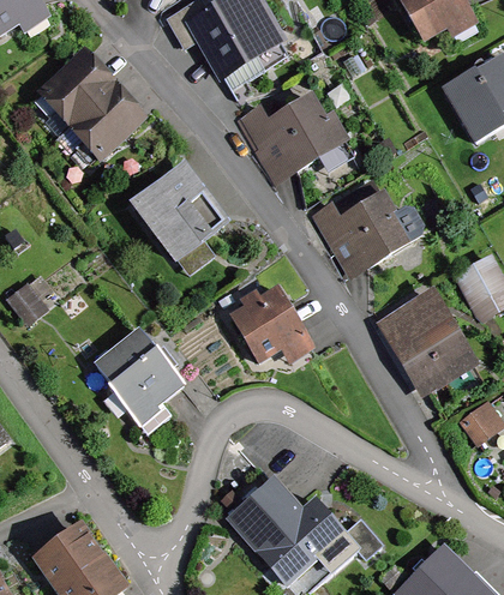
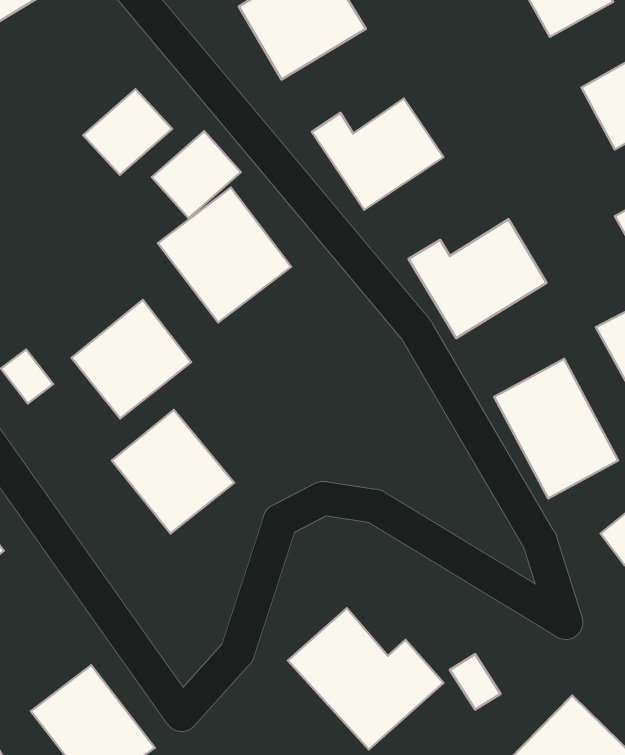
building: [43,55,110,121] -> [152,131,241,218]
building: none -> [71,300,191,418]
building: [228,283,318,366] -> none

